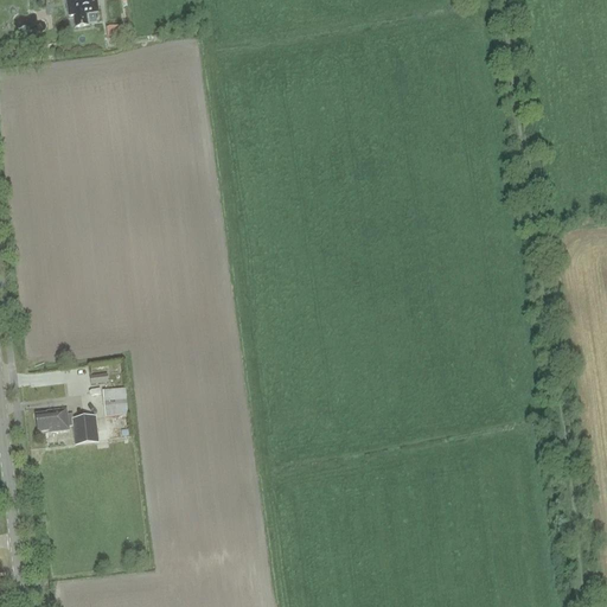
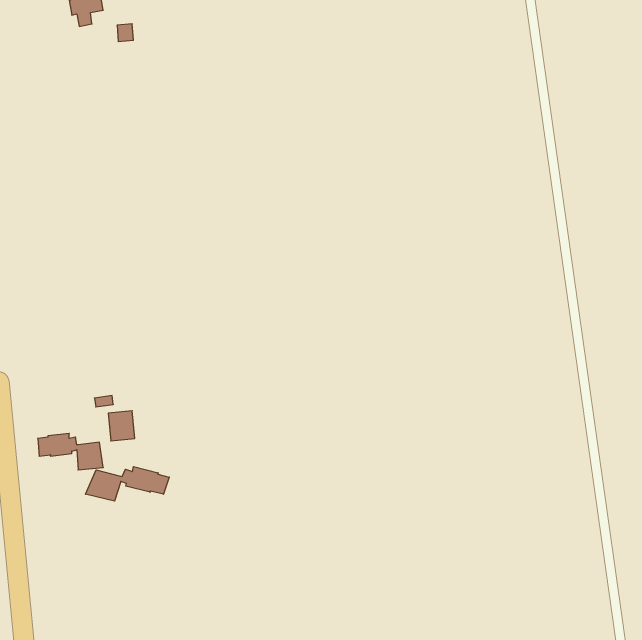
building: none -> [86,467,169,501]

